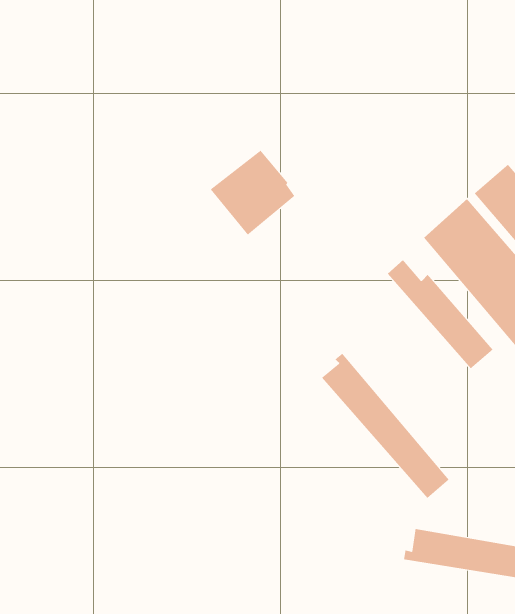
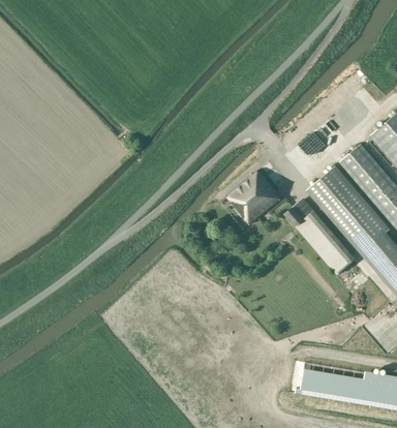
building: [210,150,295,235] -> [224,170,278,223]
building: [321,353,450,499] -> none

